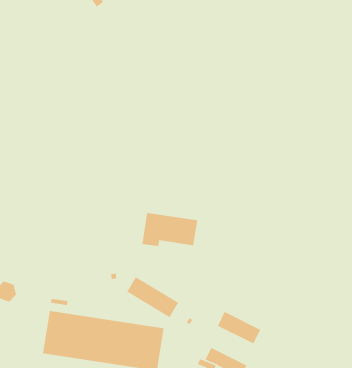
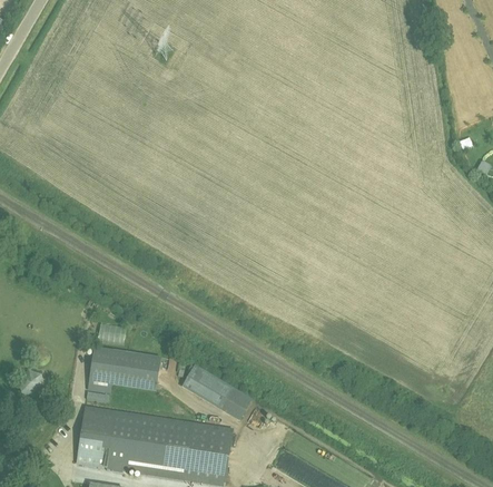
building: [141,212,198,247] -> [88,344,160,389]
building: [217,311,261,344] -> none

